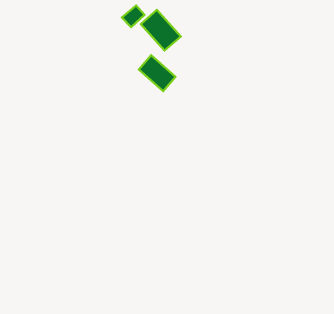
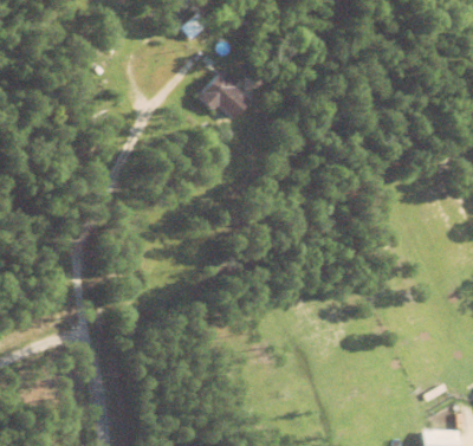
building: [141,10,181,51] -> none

